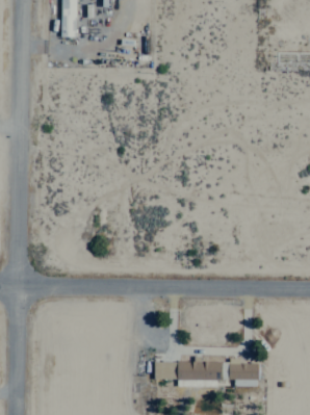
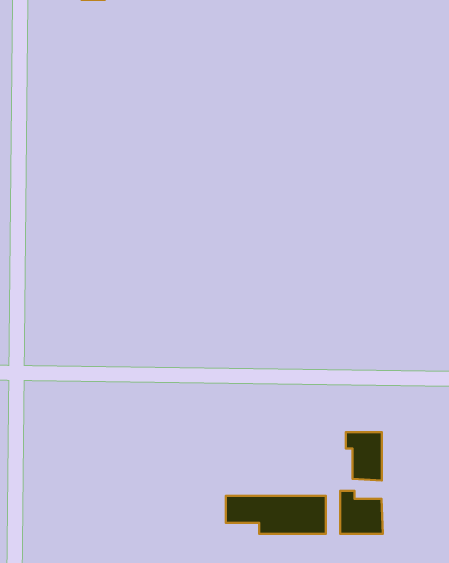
building: none -> [346,432,382,480]

